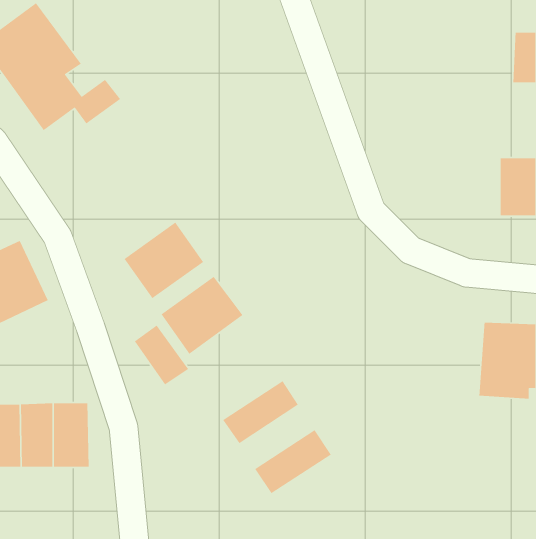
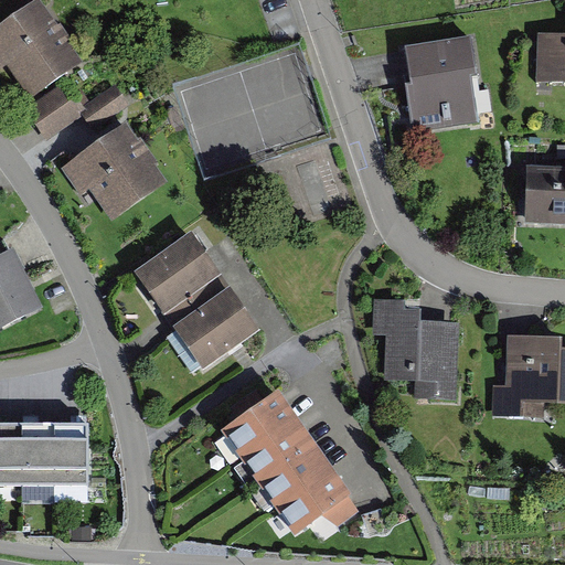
building: none -> [402,40,483,127]
building: none -> [64,118,174,217]
building: none -> [373,297,458,401]
building: [134,324,189,386] -> none
building: none -> [248,419,327,486]
building: none -> [281,471,362,540]

